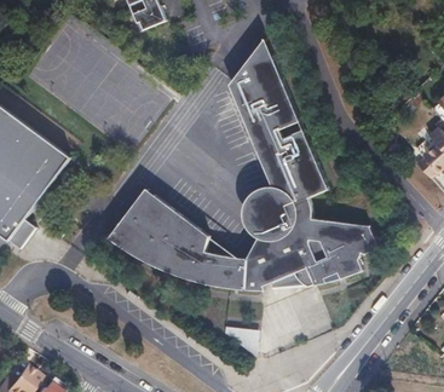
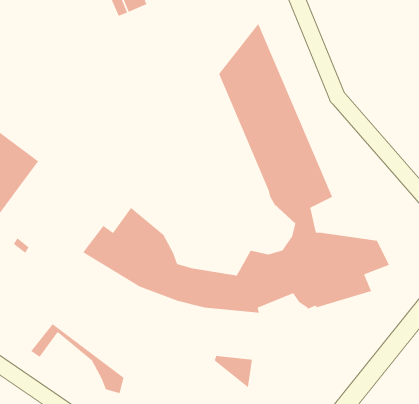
building: [240,184,294,238] -> none
building: [127,189,209,250] -> [30,323,124,394]

